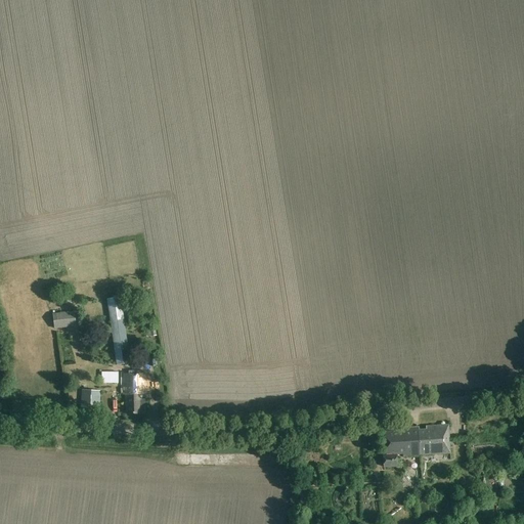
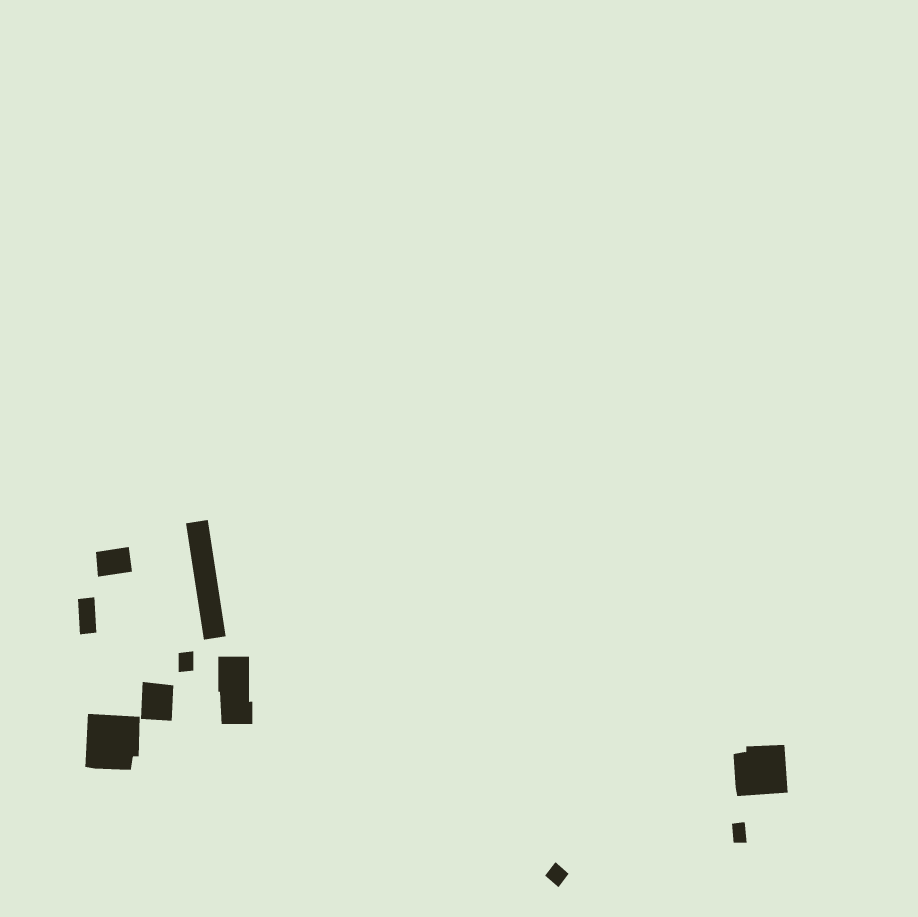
building: none -> [85,713,140,770]
building: [383,426,420,465] -> none

